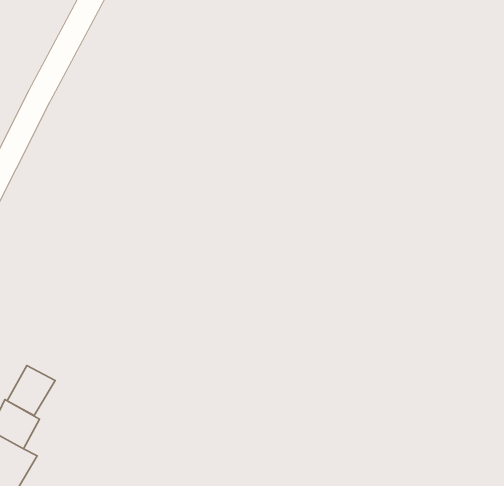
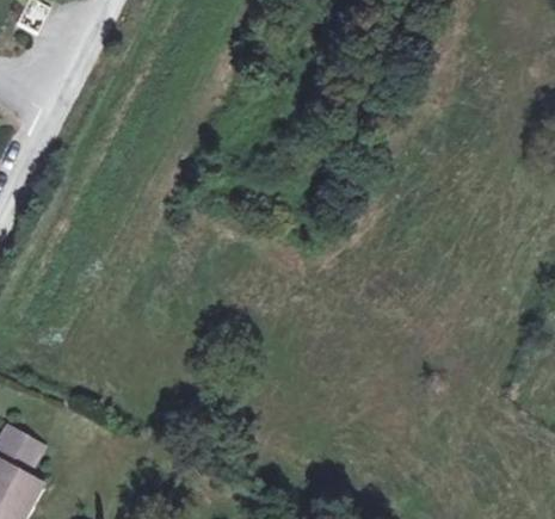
building: [7,366,55,416] -> none

